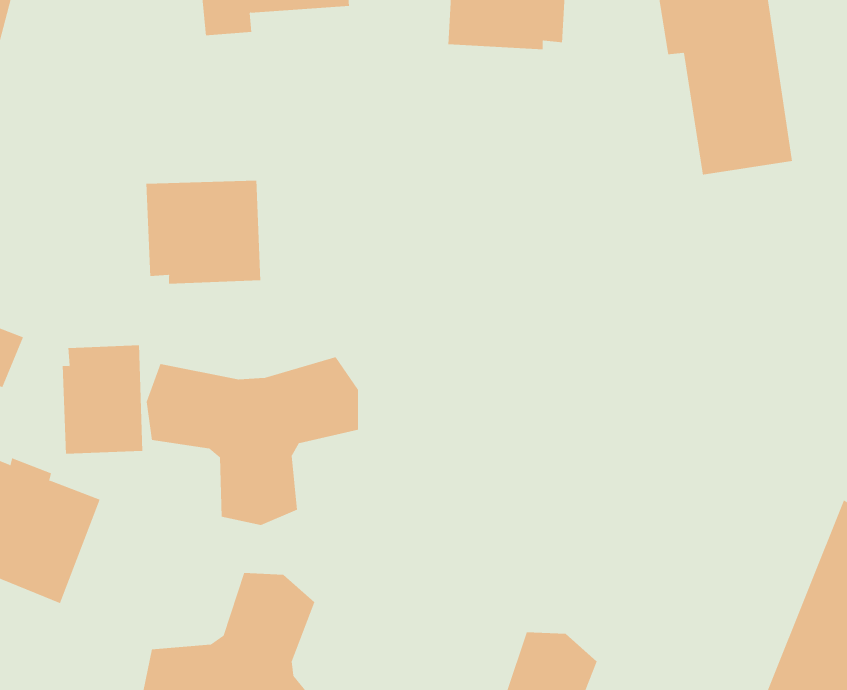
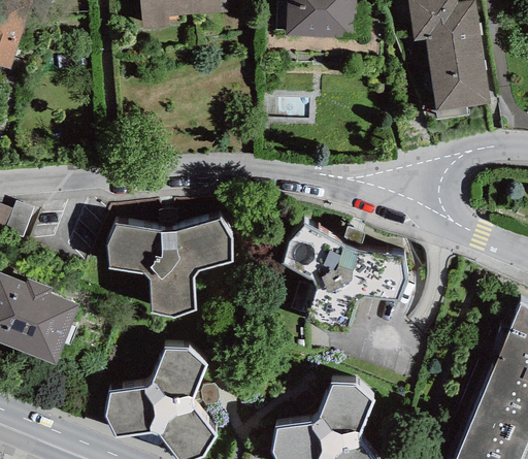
building: [146,180,261,285] -> none
building: [62,344,143,455] -> none
building: none -> [282,224,406,332]

